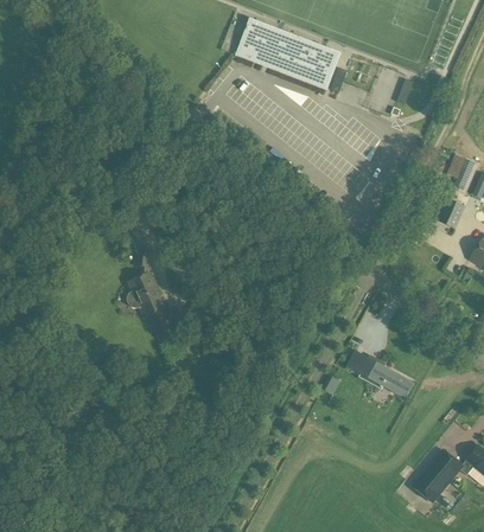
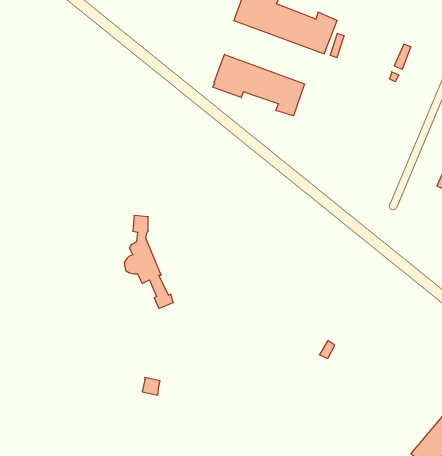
building: none -> [213,54,305,116]
building: [346,350,414,398] -> none

